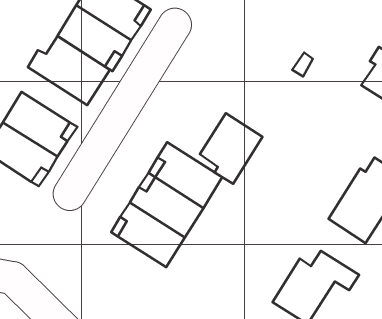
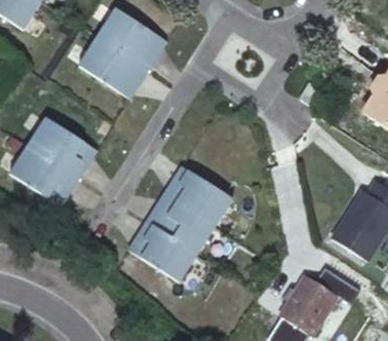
building: [28,36,110,105] -> none
building: [200,113,263,184] -> none

